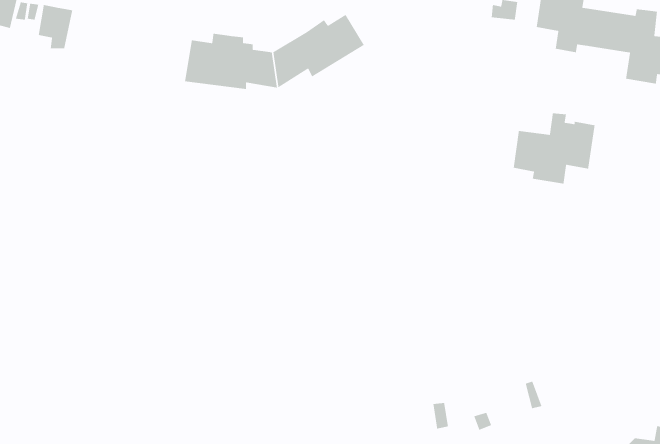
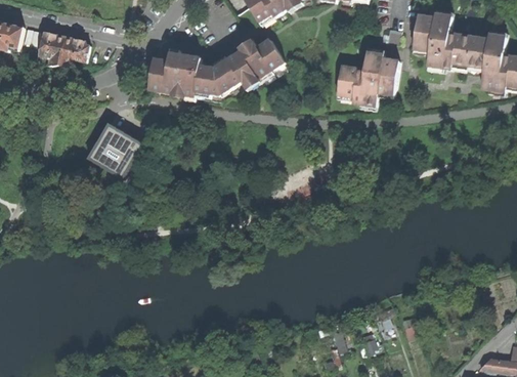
building: none -> [58,36,88,65]
building: [513,113,595,185] -> [336,51,398,106]
building: none -> [87,124,140,179]

